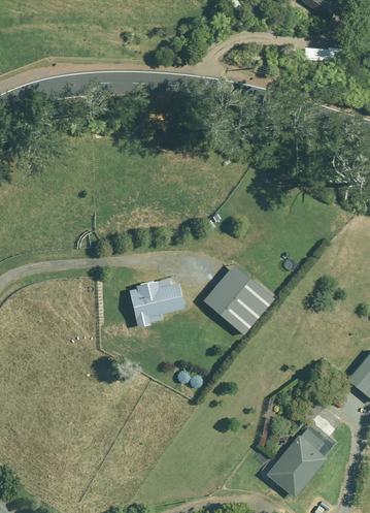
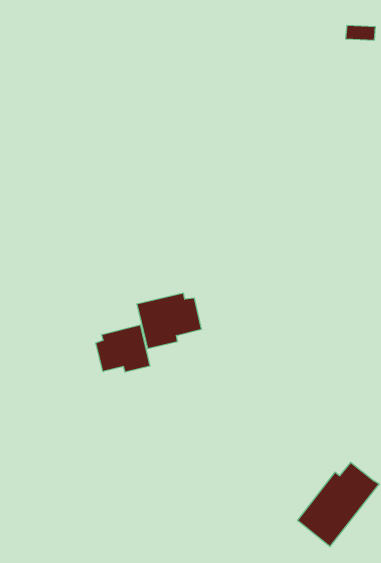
building: [203,265,273,334] -> none
building: none -> [96,325,150,372]

